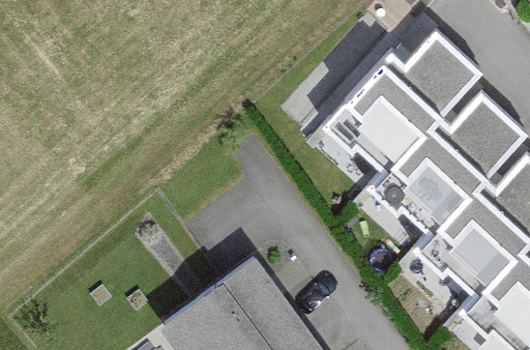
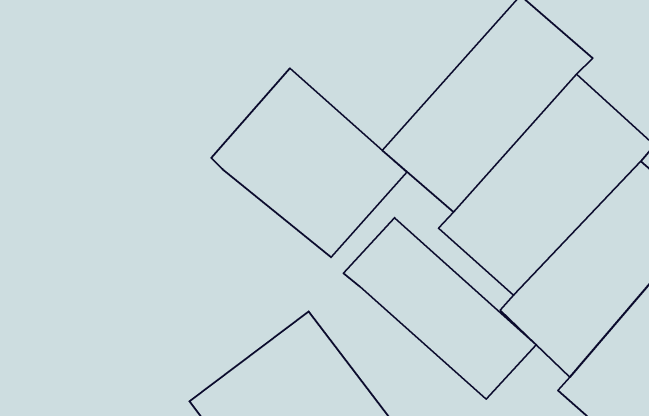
building: none -> [211,68,407,257]
building: none -> [344,218,536,399]

